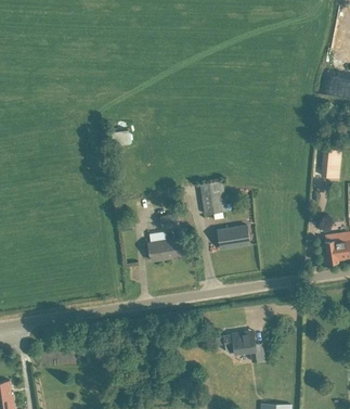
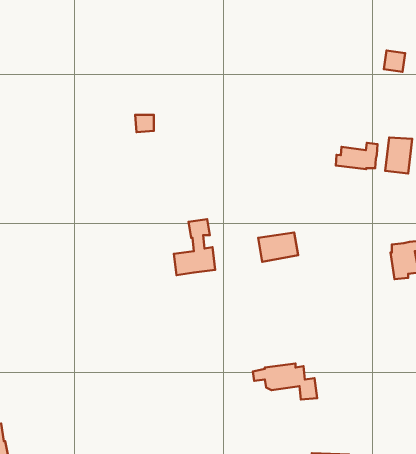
building: none -> [336,143,377,169]
building: [199,181,226,215] -> none

